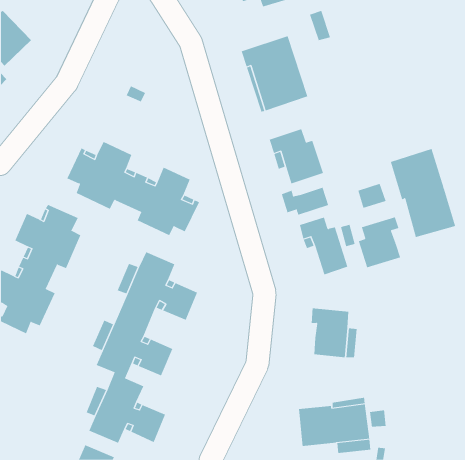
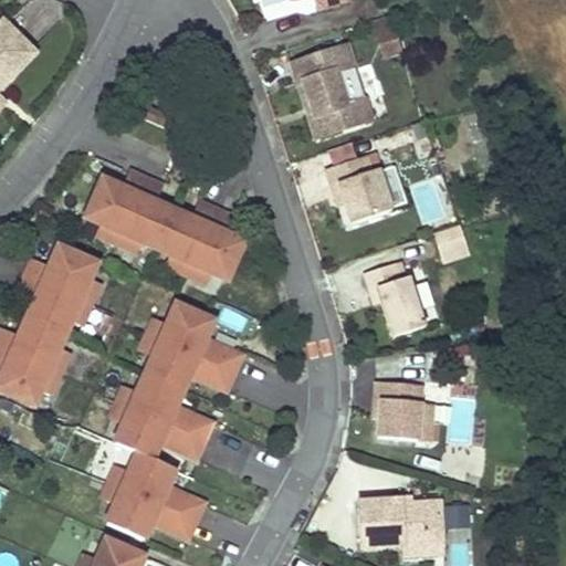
building: [390,148,456,238] -> none
building: [281,187,329,215] -> none
building: [358,216,401,268] -> none

